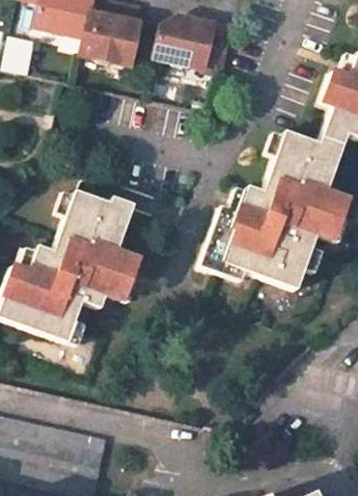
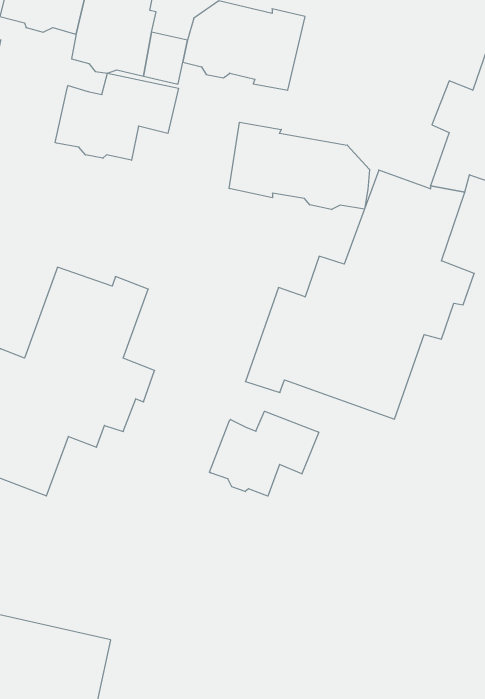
building: none -> [55,73,178,160]
building: none -> [229,122,370,210]
building: none -> [209,411,319,496]

